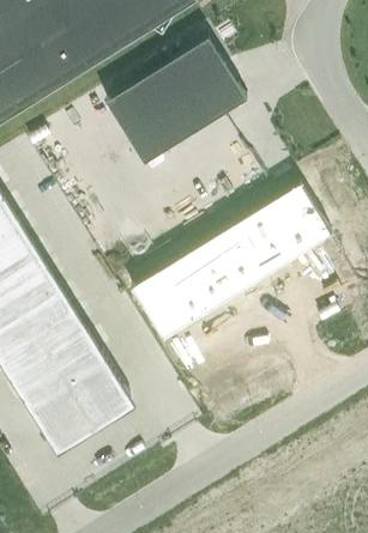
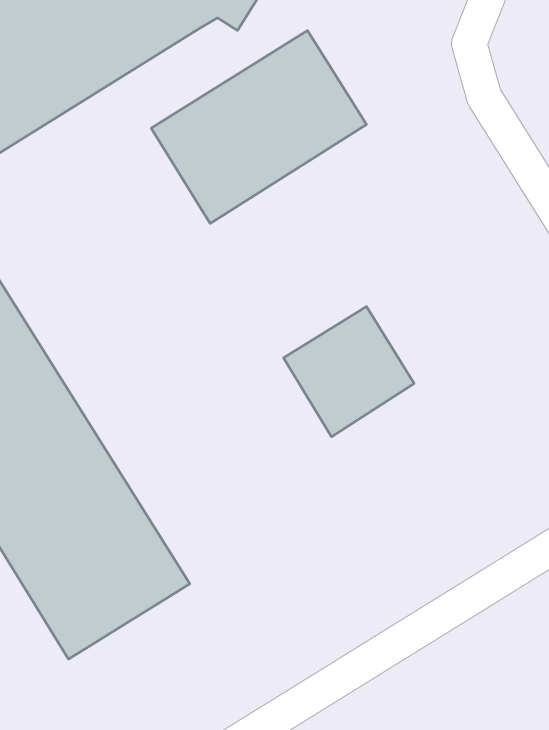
building: [247,187,332,271] -> none
building: [132,254,224,343] -> none

